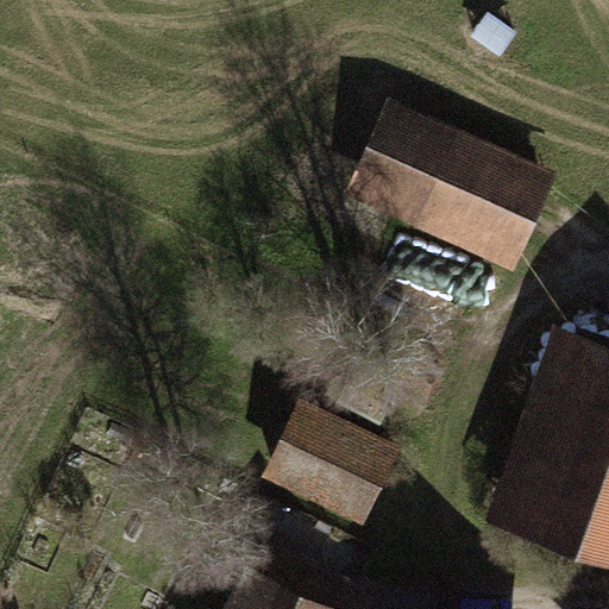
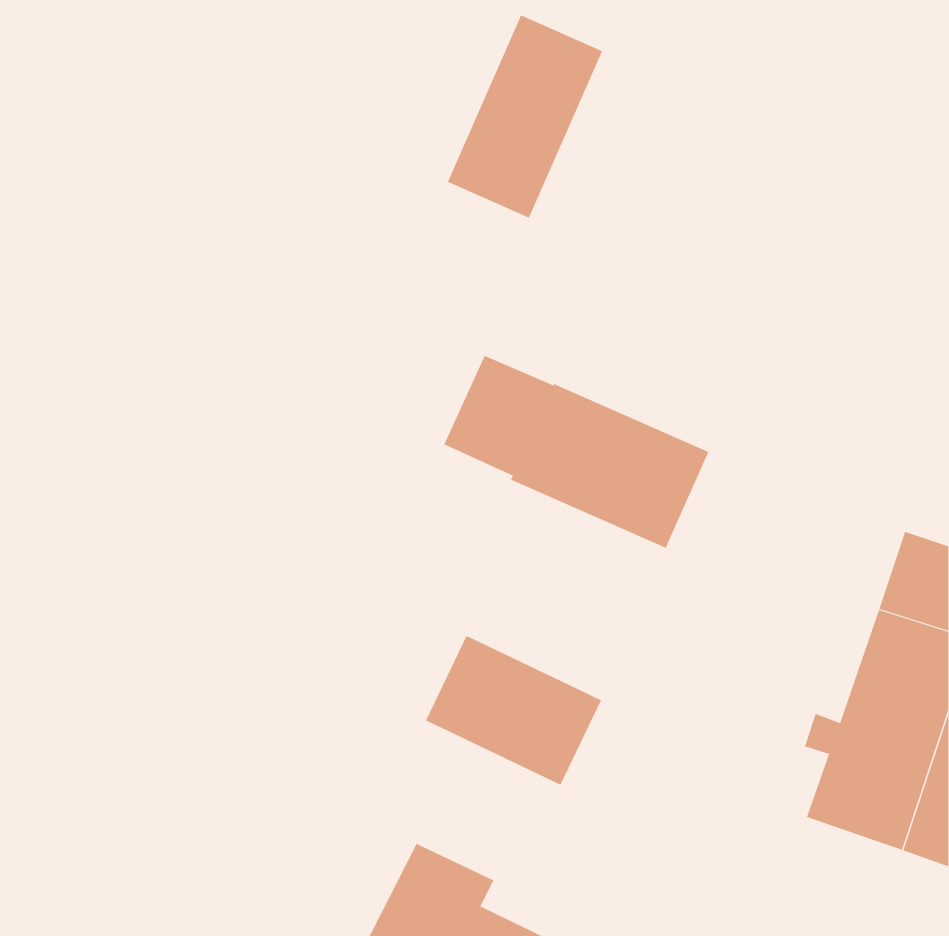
building: none -> [447,15,603,218]
building: [366,125,536,249] -> [443,355,709,548]

